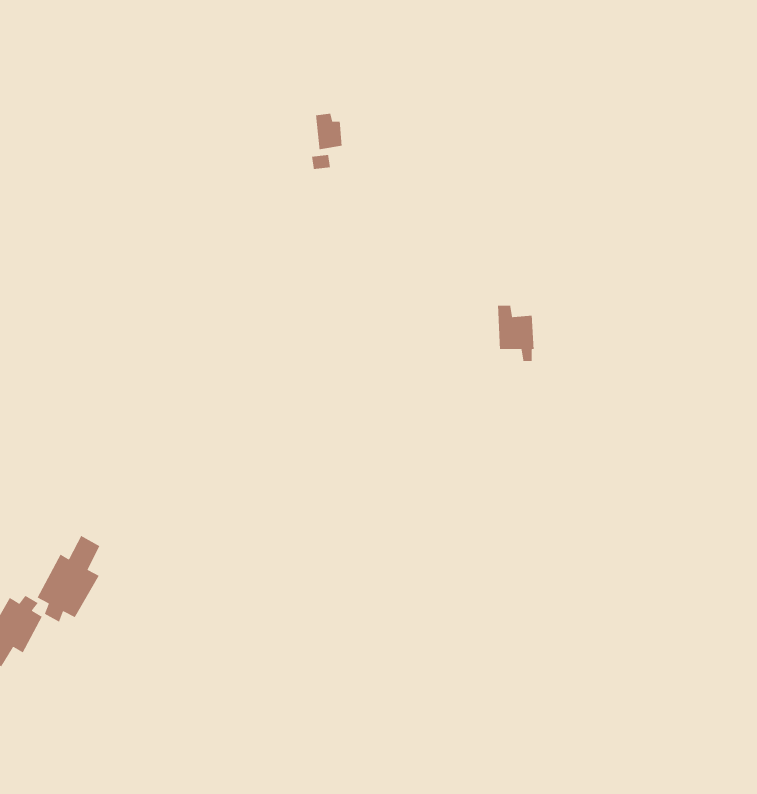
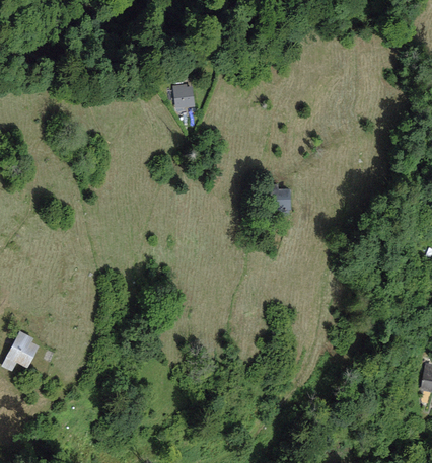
building: [36,535,101,623] -> none

